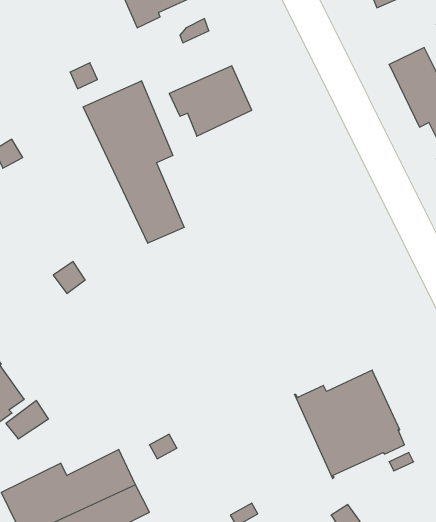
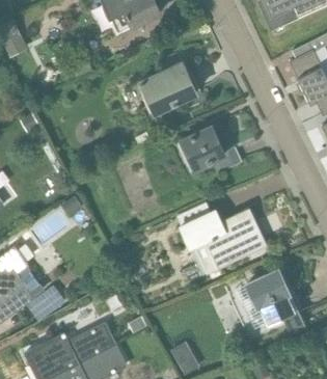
building: [83,81,184,243] -> none
building: none -> [181,128,241,175]
building: none -> [179,209,264,276]

